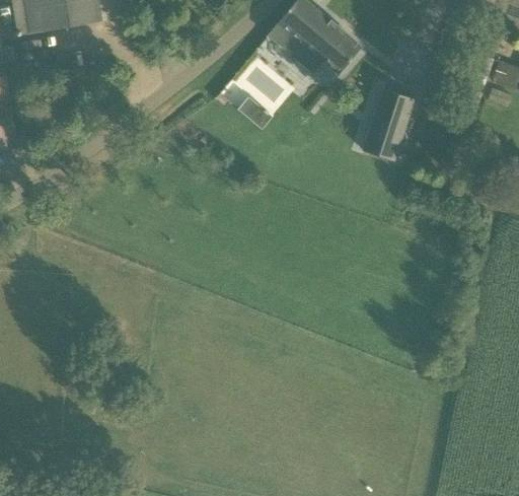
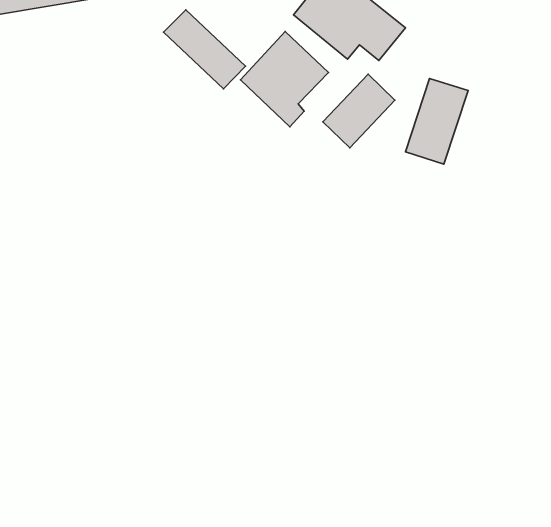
building: none -> [164,10,246,89]
building: none -> [323,74,395,148]

